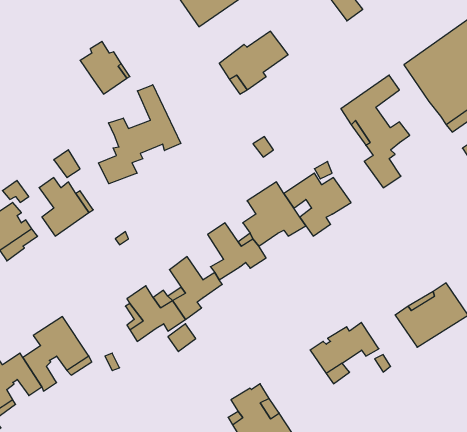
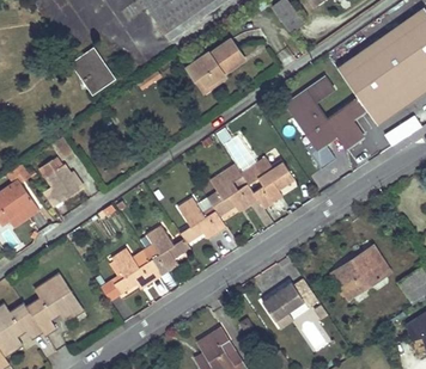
building: [98,85,181,184] -> none
building: none -> [334,98,367,149]

